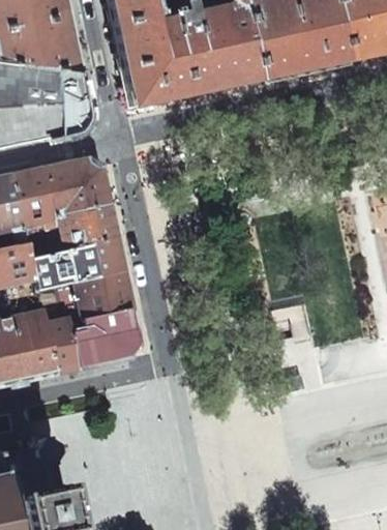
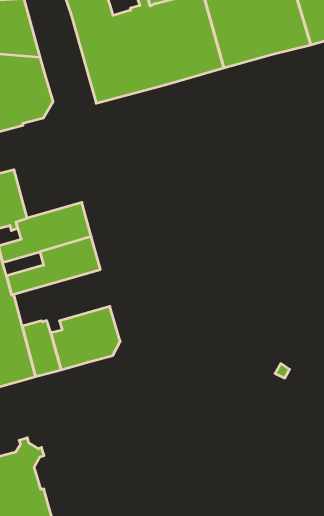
building: [46,159,111,217] -> none
building: [57,272,132,321] -> none

